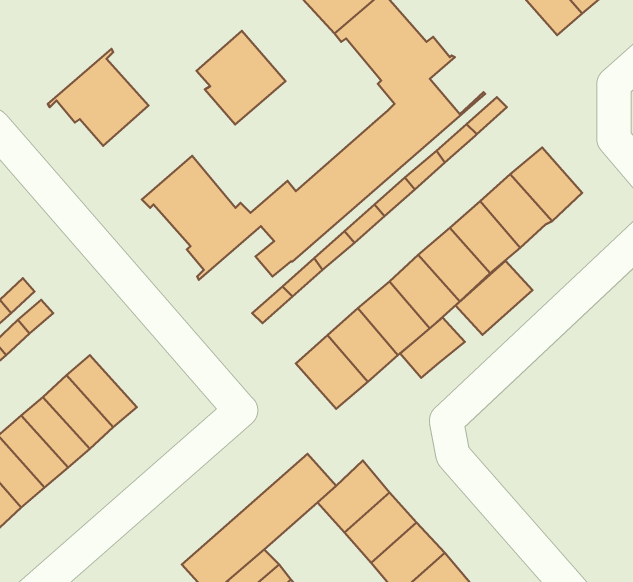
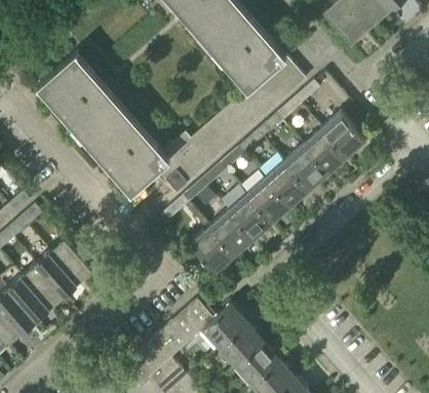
building: [197,31,285,125] -> [71,88,125,146]
building: [455,261,533,335] -> none
building: [400,317,465,378] -> none

